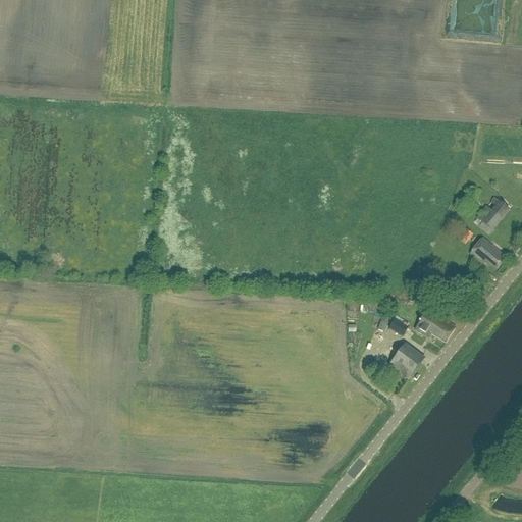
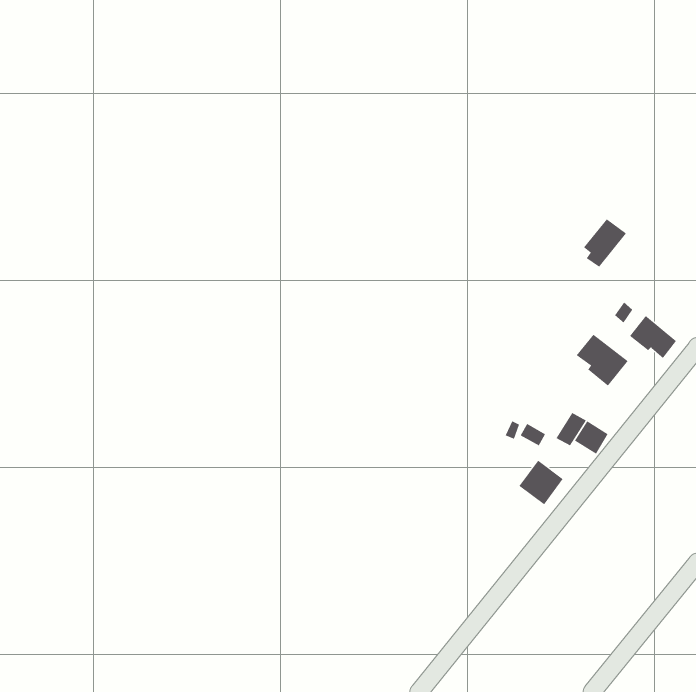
building: [478,195,511,231] -> [583,218,627,268]
building: none -> [576,334,628,386]

